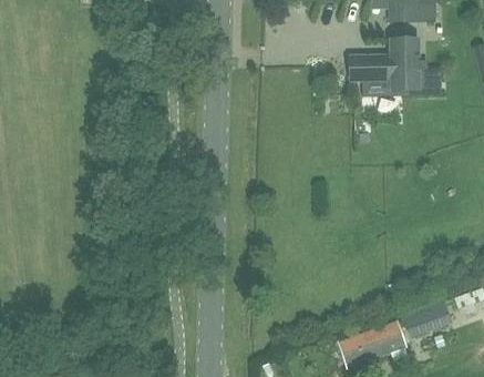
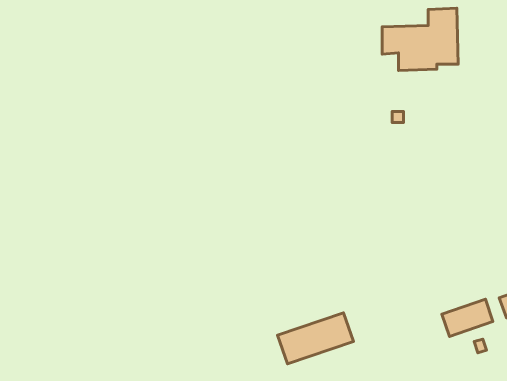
building: [338,320,405,366] -> [278,313,353,364]

